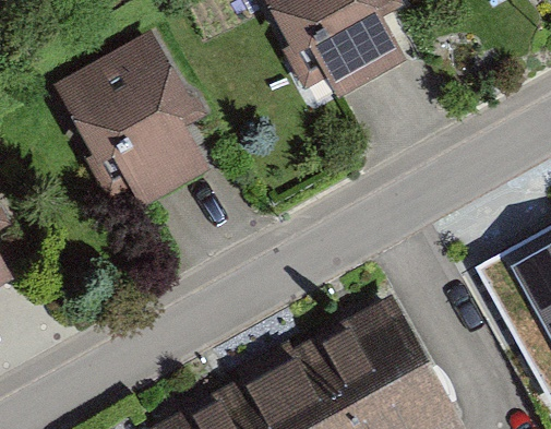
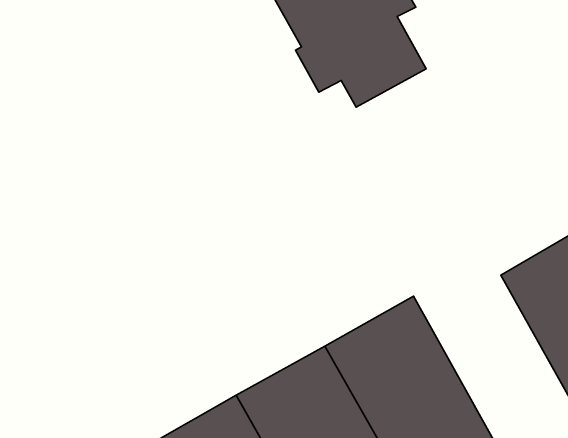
building: [37,40,190,216] -> none

